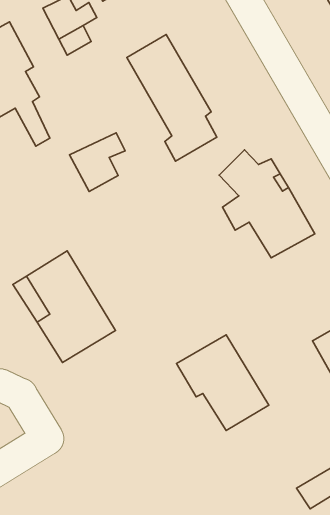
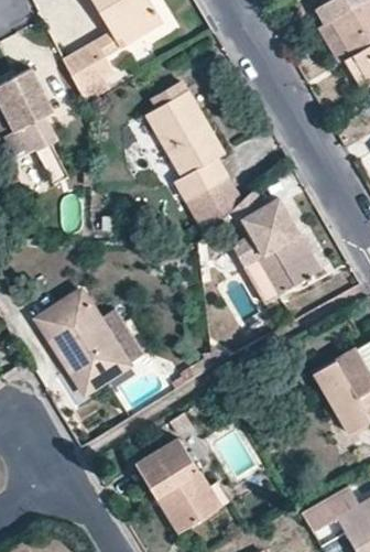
building: [70,133,125,192] -> none
building: none -> [187,177,240,221]
building: [176,335,269,430] -> [132,442,220,533]

